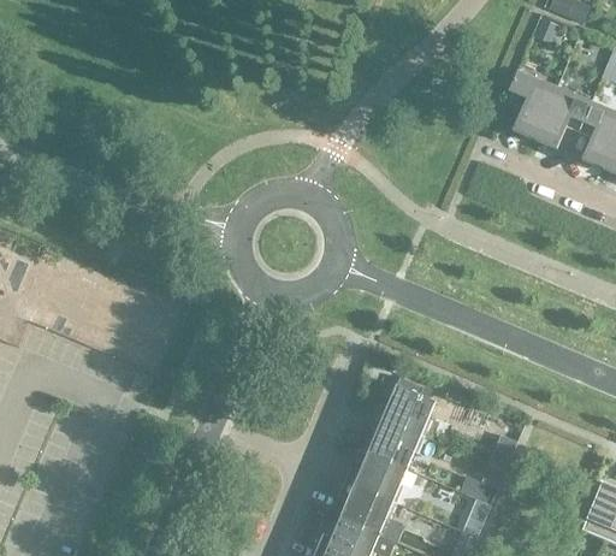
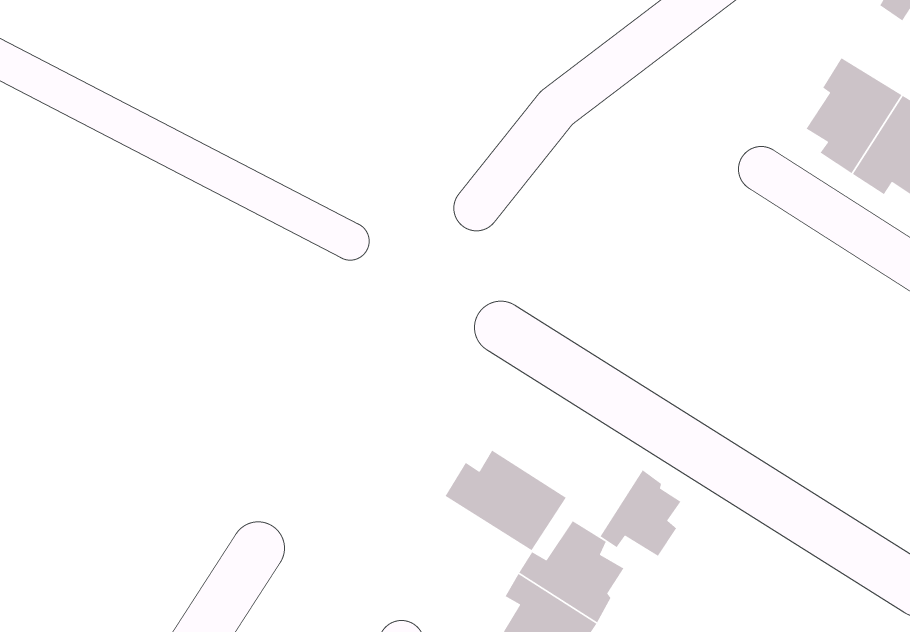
building: none -> [599,469,682,557]
building: none -> [444,450,567,551]

